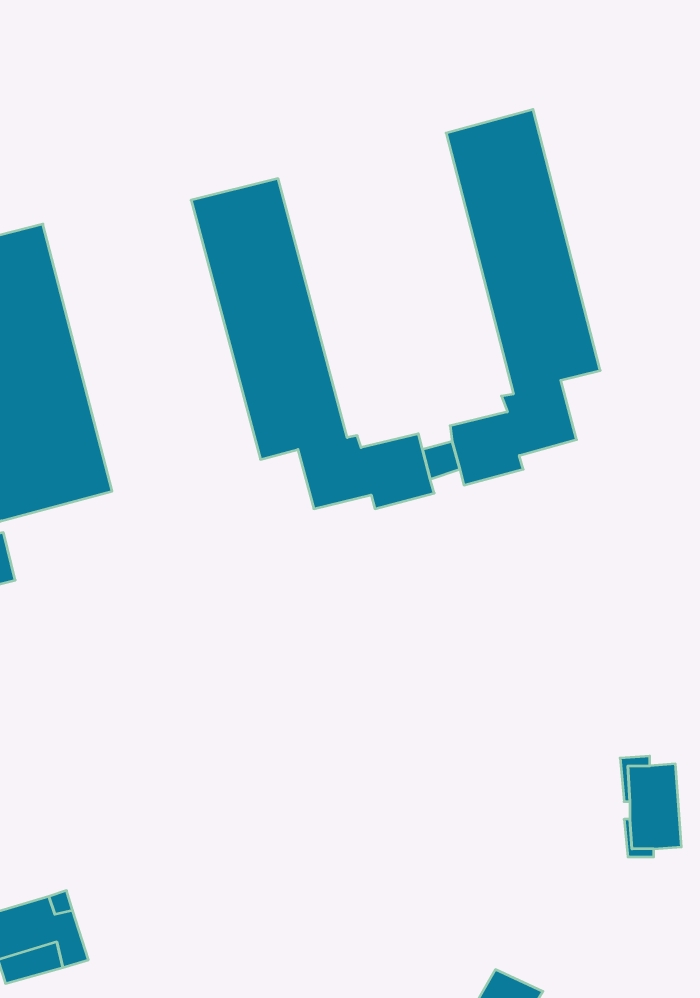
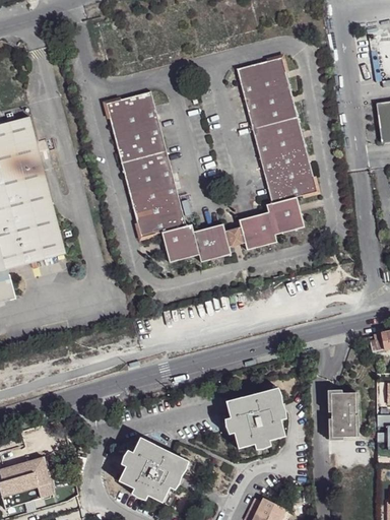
building: none -> [224,389,285,450]
building: none -> [118,438,188,502]

